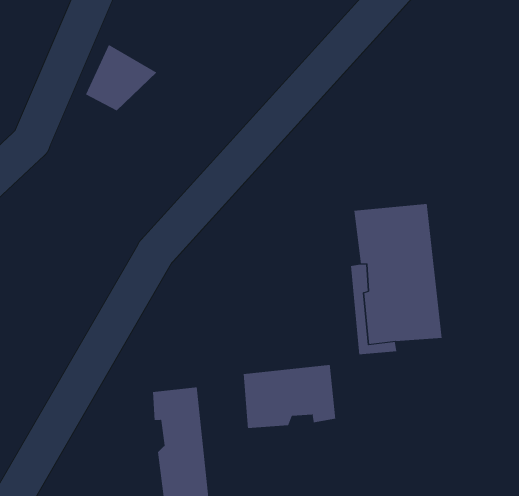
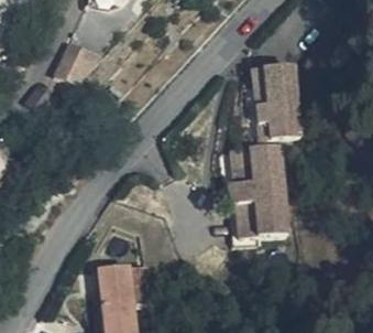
building: none -> [254,60,301,136]
building: [243,364,336,429] -> none

